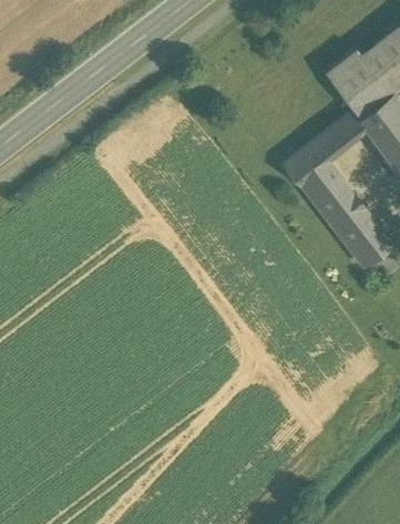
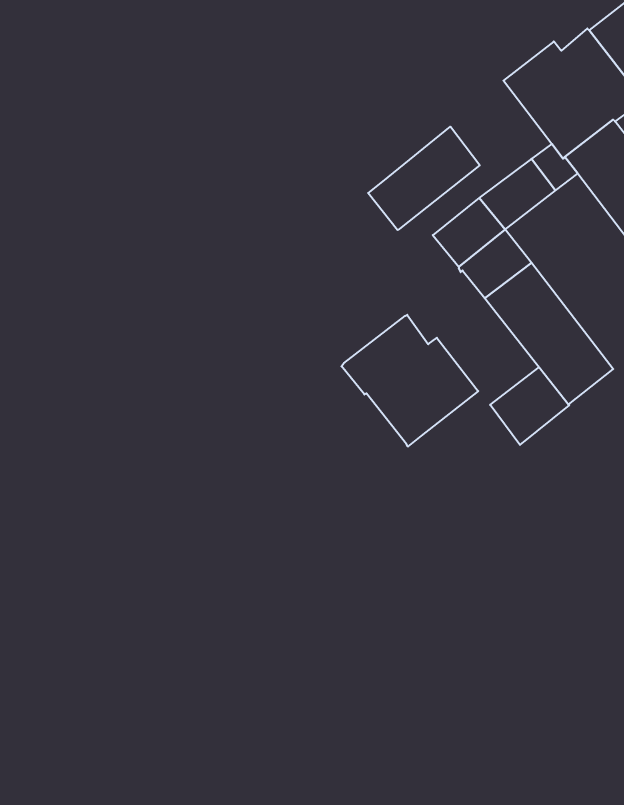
building: none -> [368,127,480,230]
building: none -> [341,315,478,447]
building: none -> [490,367,569,445]

